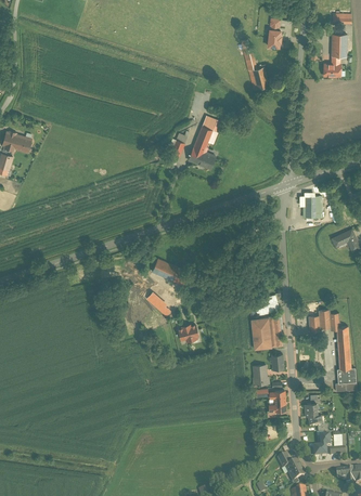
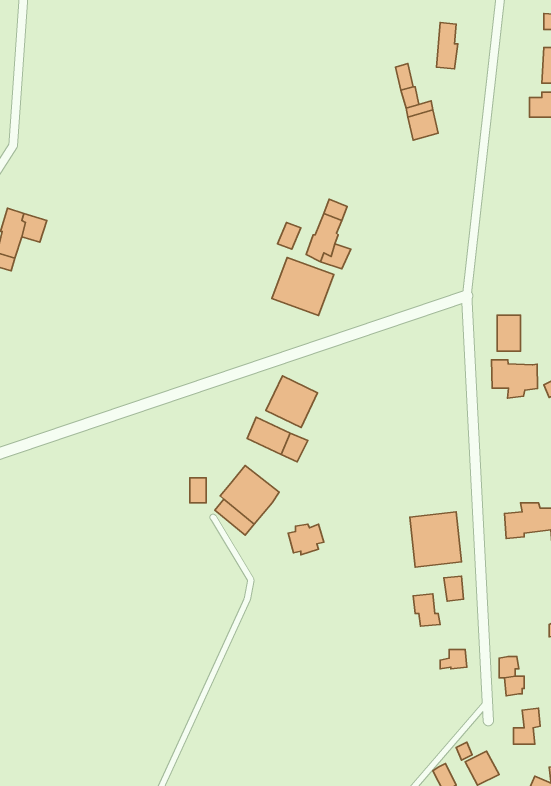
building: none -> [272,258,334,315]
building: none -> [491,360,538,398]
building: none -> [266,376,318,428]

